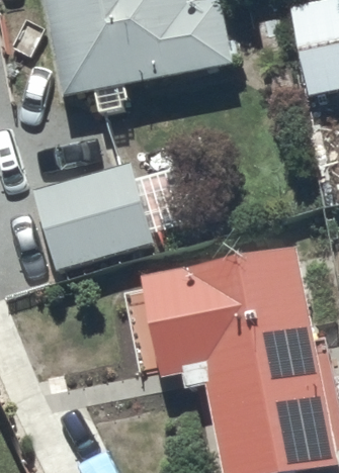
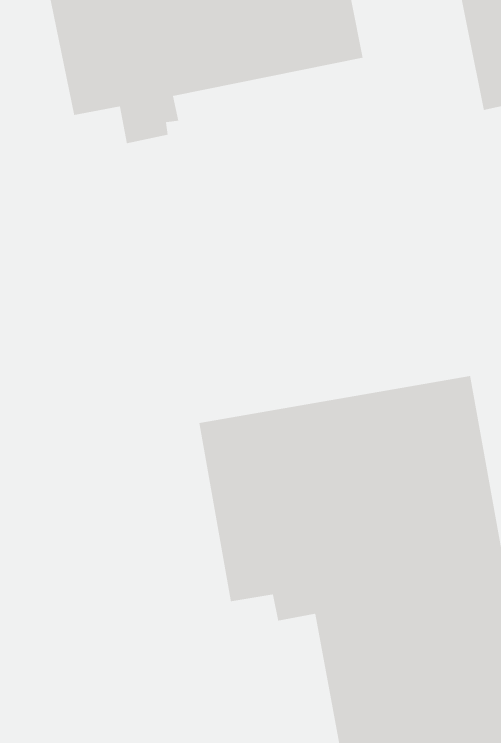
building: [33,161,156,271] -> none

